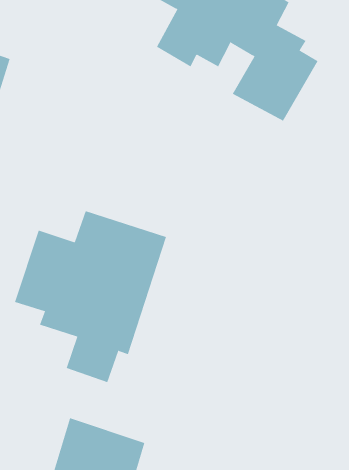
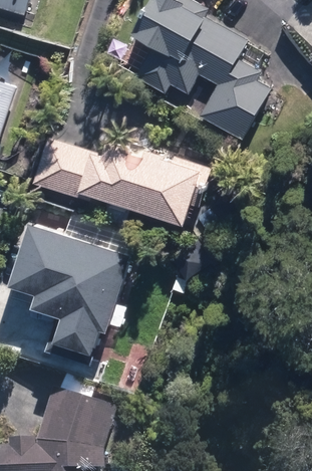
building: none -> [30,137,209,223]

